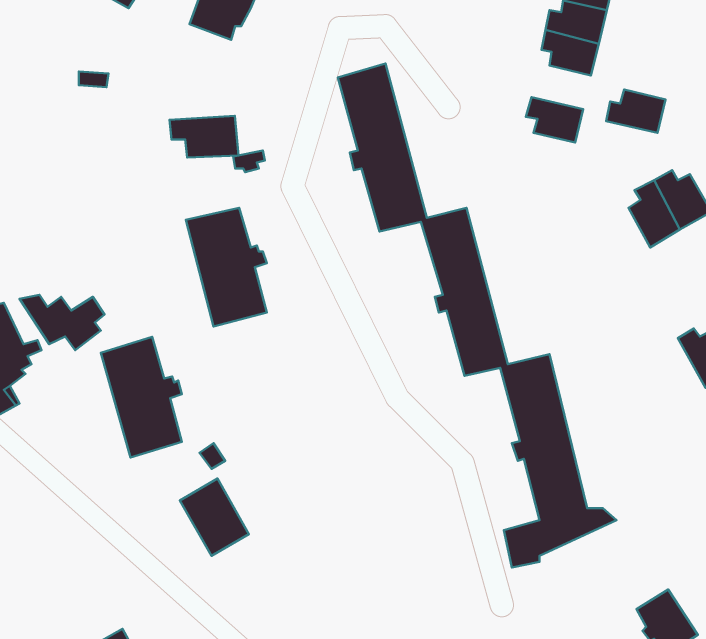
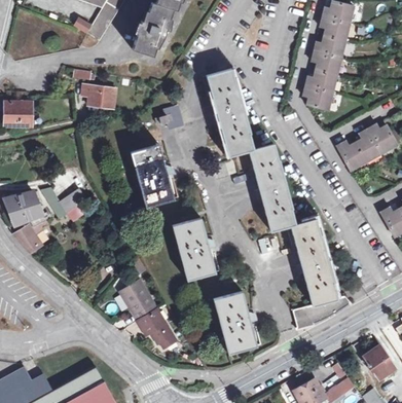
building: [606,90,666,133] -> [307,69,338,91]
building: [169,116,239,157] -> [73,87,109,109]
building: none -> [340,140,369,172]
building: [101,337,182,458] -> [169,217,211,280]
building: none -> [209,292,253,354]
building: none -> [141,313,179,351]

